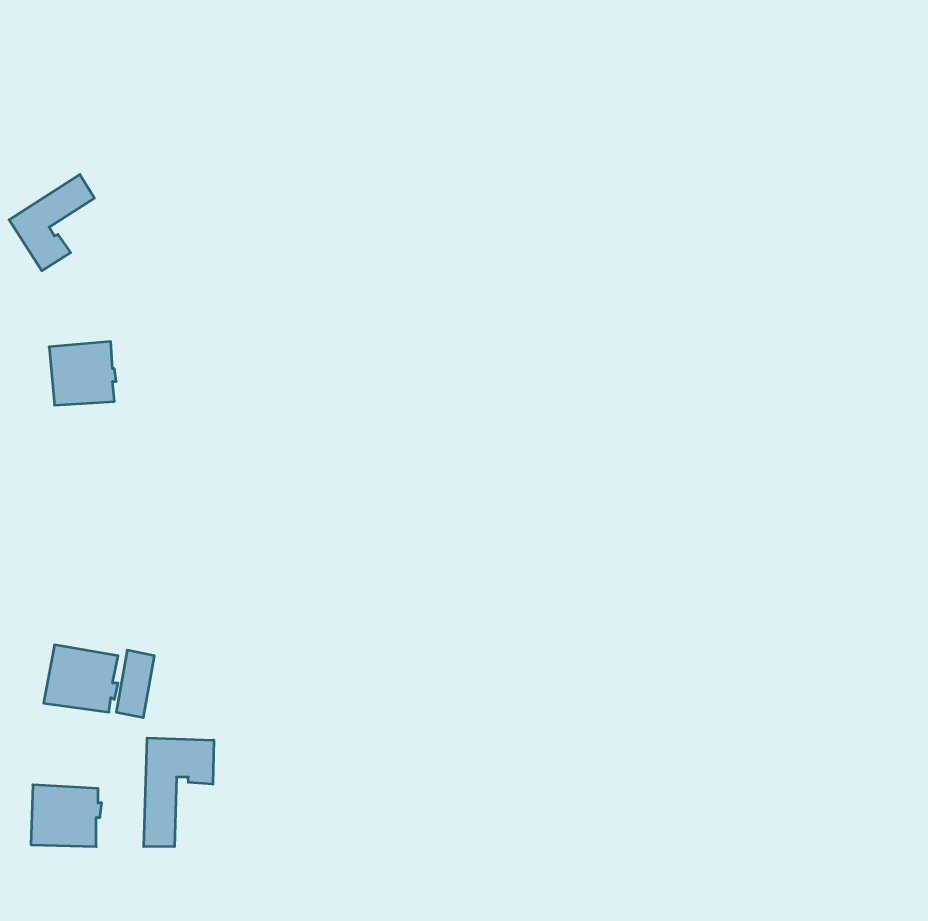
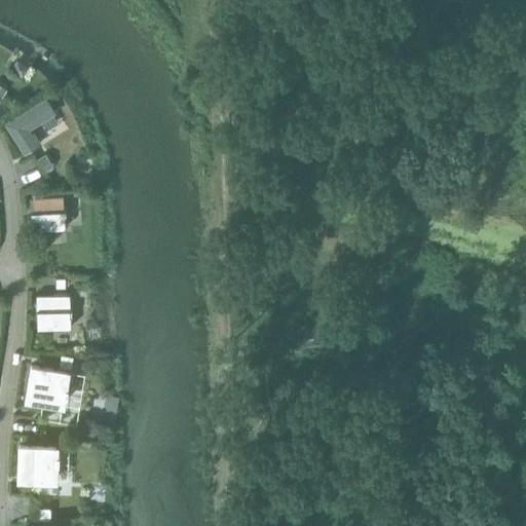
building: none -> [35,297,71,332]
building: [144,738,214,847] -> none

